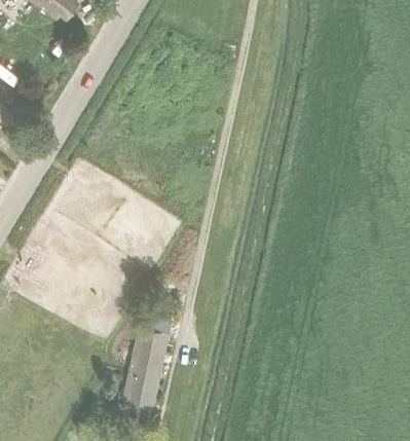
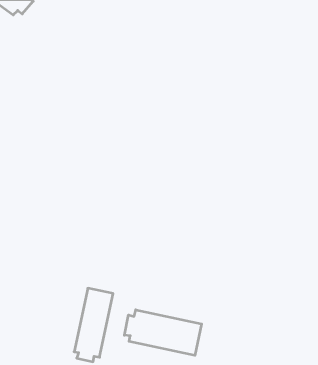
building: none -> [124,310,202,355]

